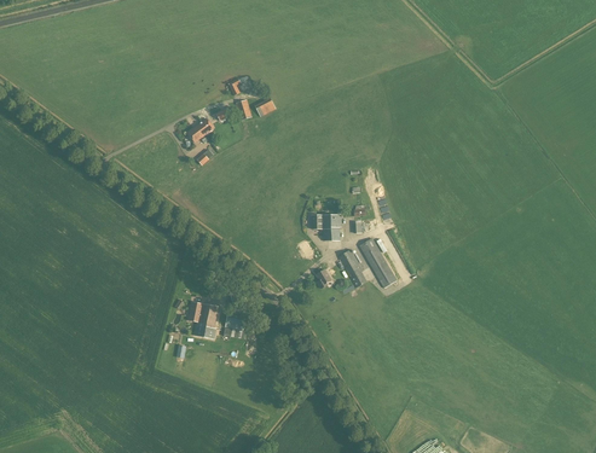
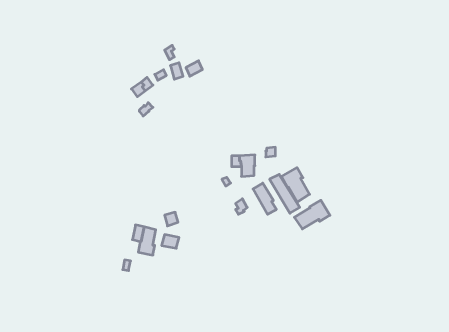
building: none -> [281,168,310,202]
building: none -> [294,200,330,229]

